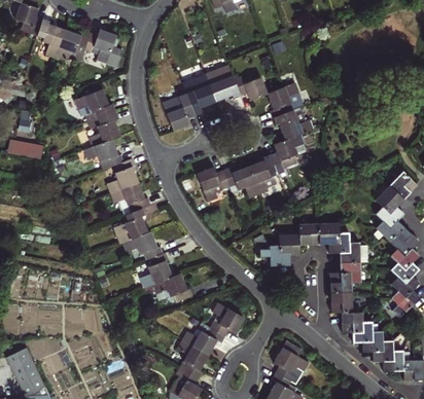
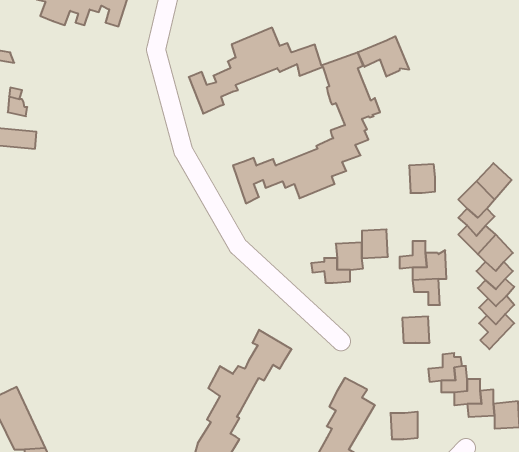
building: none -> [358,36,409,77]
building: [72,87,192,301] -> none
building: [318,221,339,244] -> [409,164,435,193]
building: [329,271,351,292] -> none
building: [341,311,362,332] -> [390,412,418,439]

